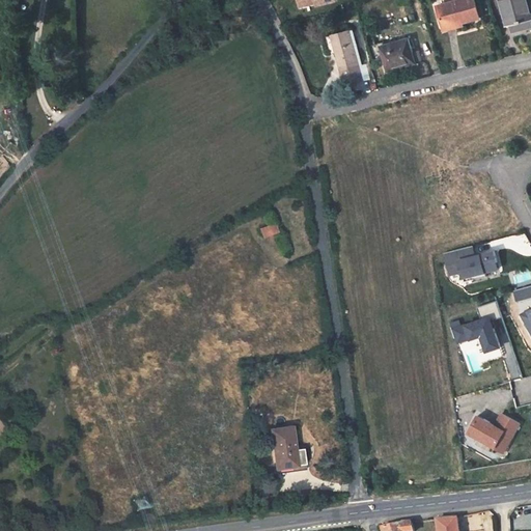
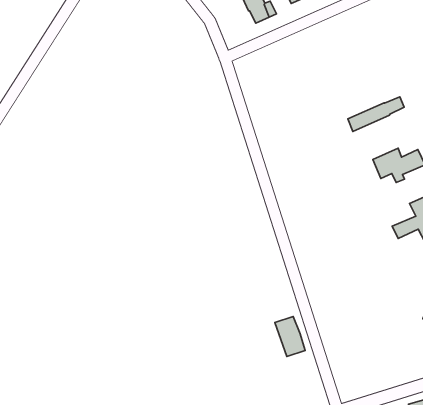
building: none -> [348,97,404,131]
building: [269,427,296,469] -> [275,316,305,356]

